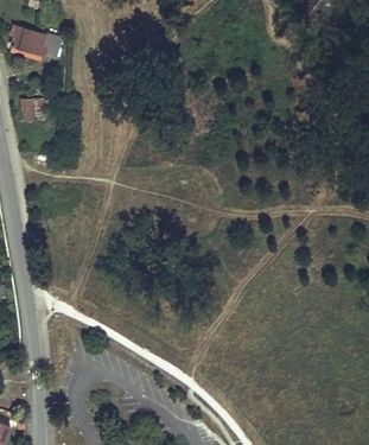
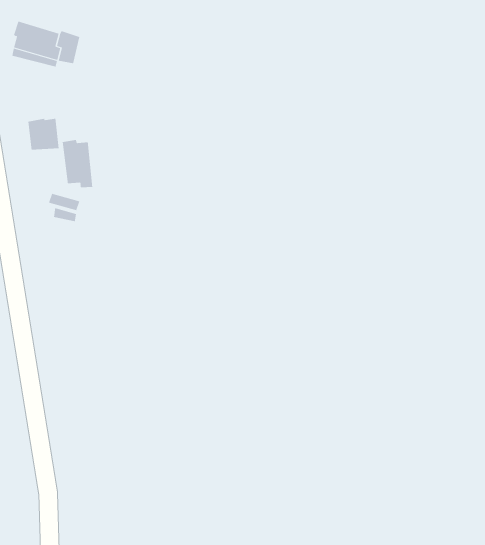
building: none -> [62,139,93,188]

